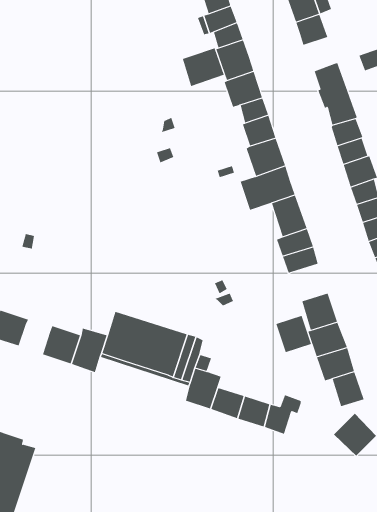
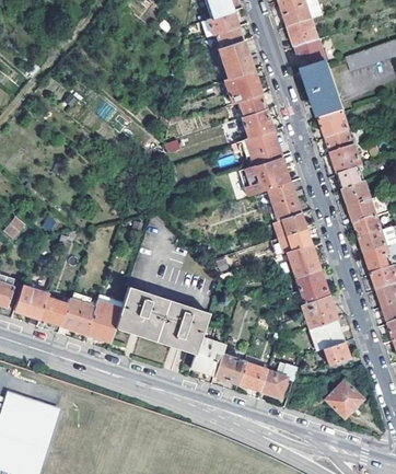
building: none -> [296,39,327,70]
building: [182,48,225,87] -> none
building: [276,315,312,353] -> [287,244,319,278]
building: none -> [40,299,68,326]

